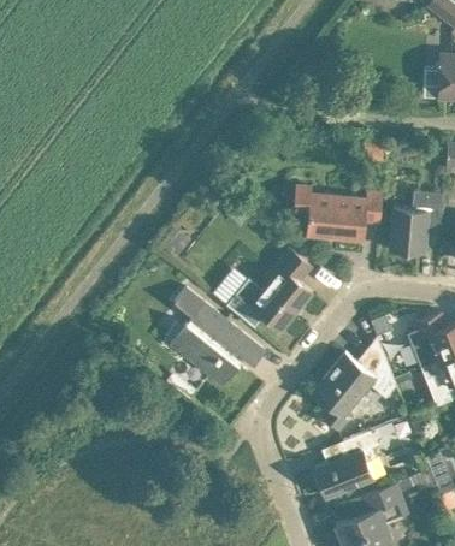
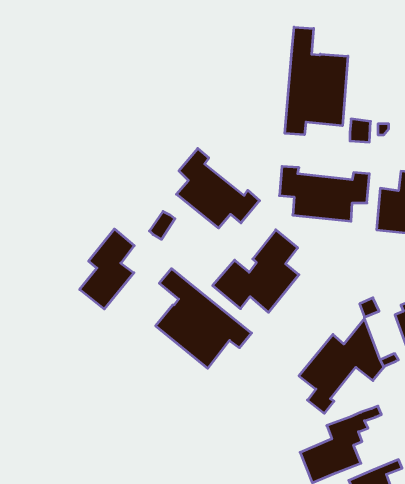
building: none -> [285,27,348,135]
building: none -> [176,148,260,228]
building: none -> [80,229,134,309]

